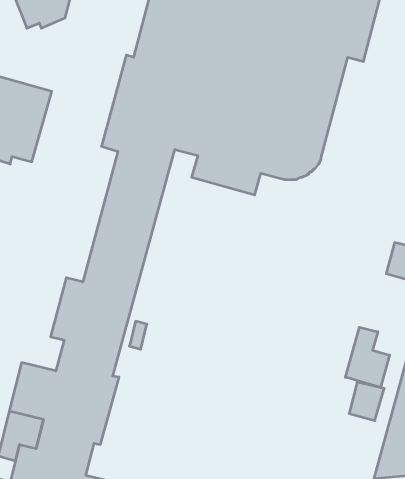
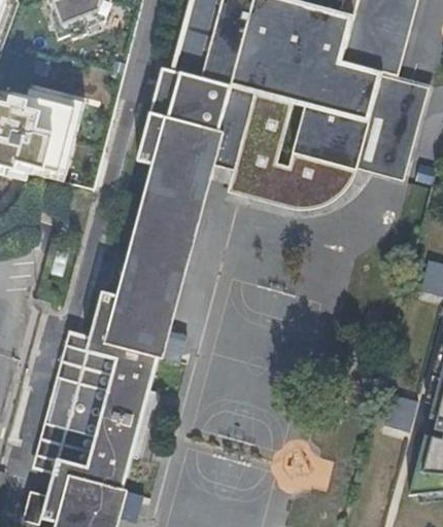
building: none -> [226,68,434,213]
building: none -> [59,327,101,380]
building: [345,327,390,388] -> none

